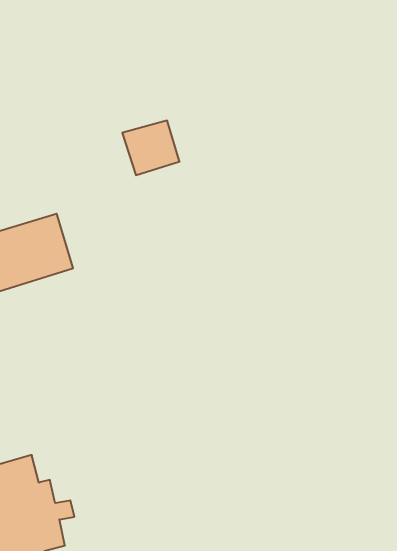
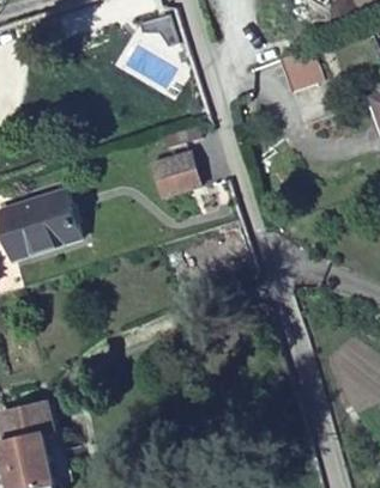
building: none -> [283,47,325,90]
building: [122,121,180,175] -> [150,151,200,199]

